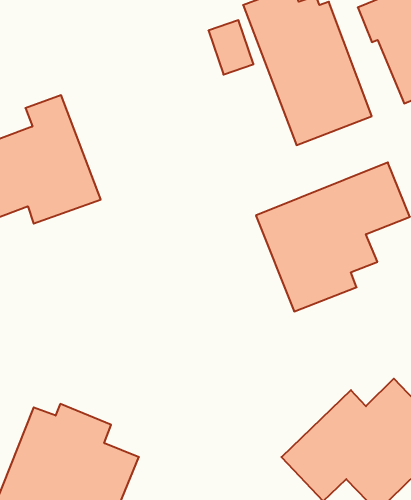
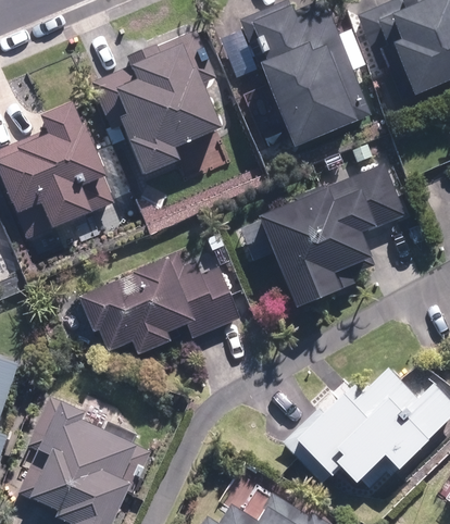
building: none -> [97,30,226,186]
building: none -> [78,250,246,352]

